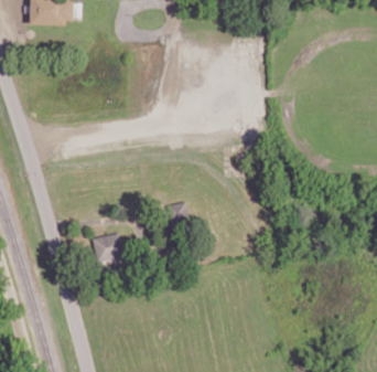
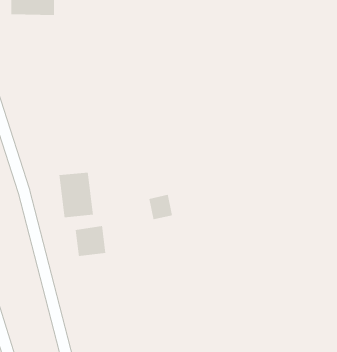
building: none -> [59,172,93,218]

